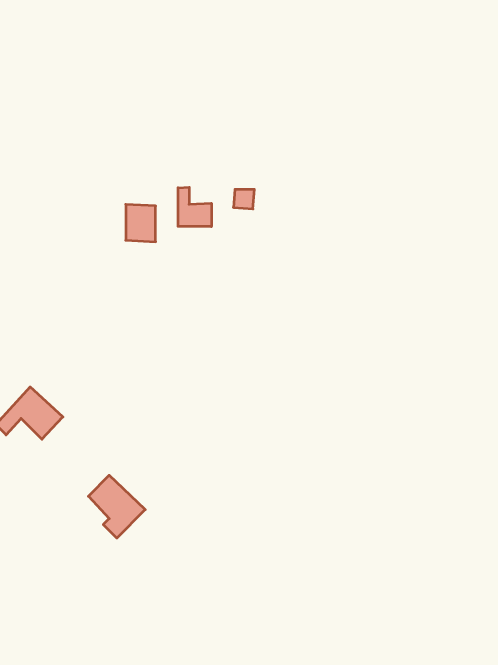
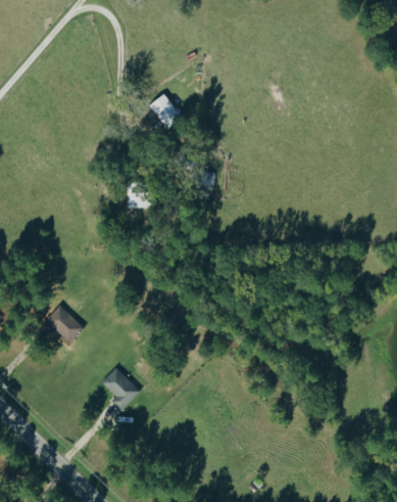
building: none -> [149,93,181,129]
building: [178,187,211,227] -> none

